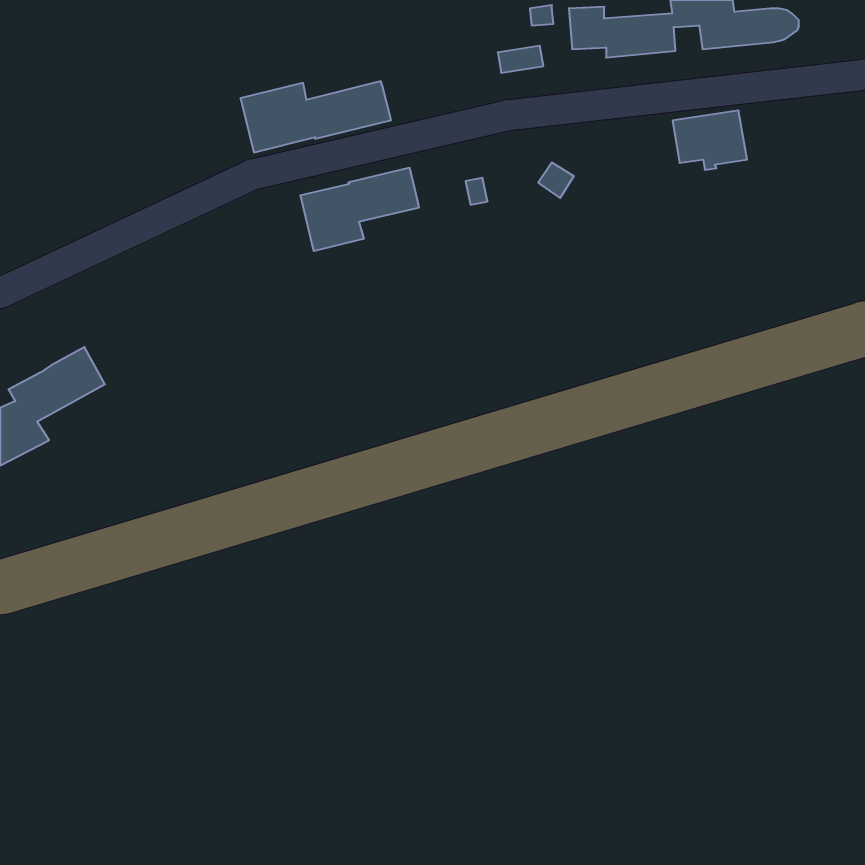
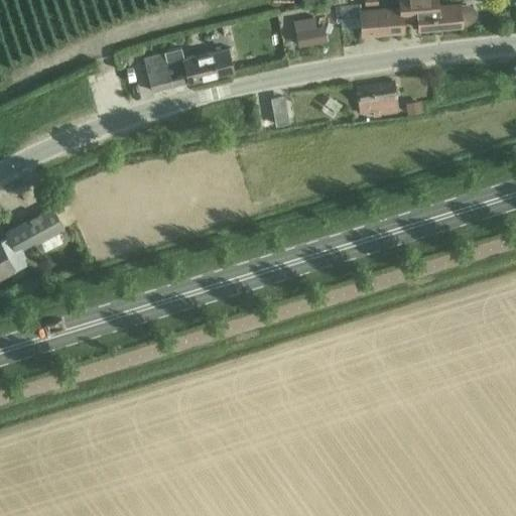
building: [673,110,747,170] -> [355,82,399,117]
building: [300,168,419,251] -> none

